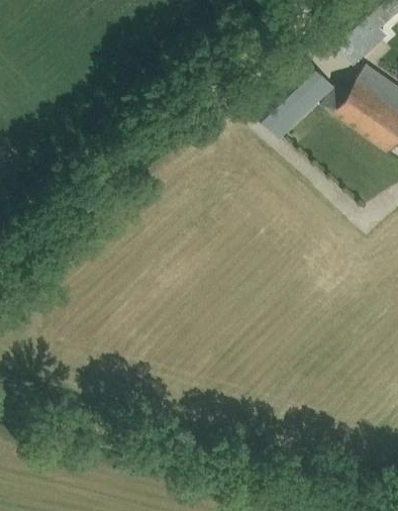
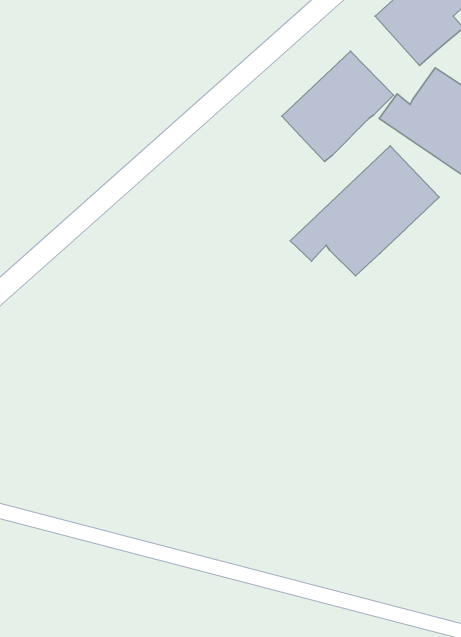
building: none -> [290,146,439,276]

